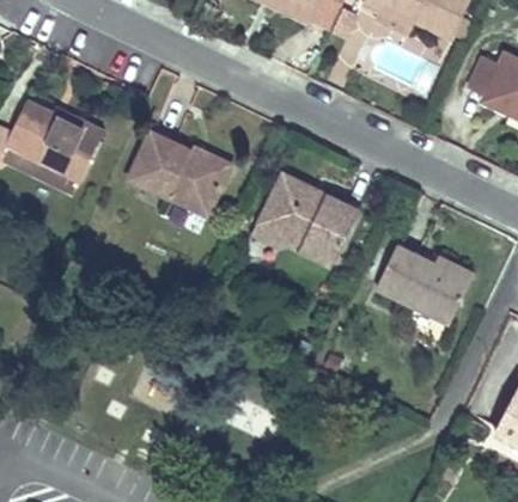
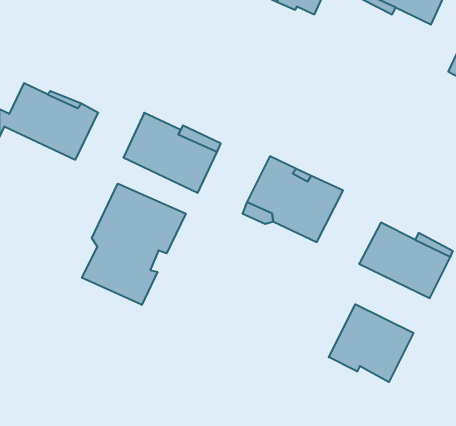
building: none -> [82,184,186,305]
building: none -> [329,304,413,382]

